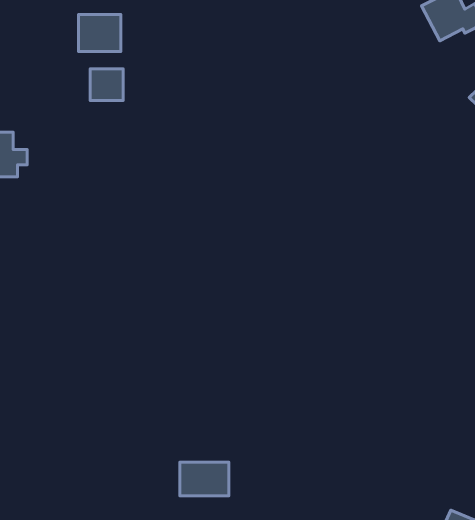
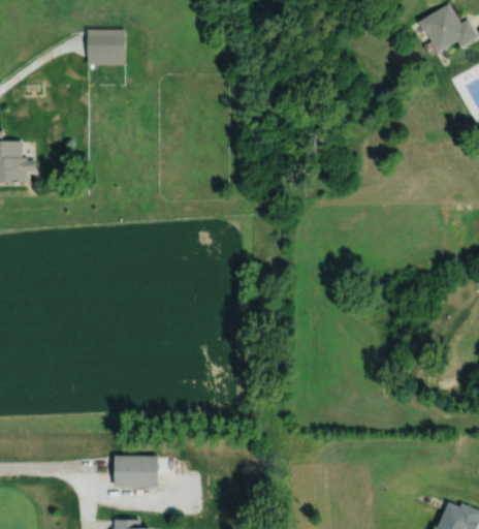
building: [90,69,123,101] -> none
building: [180,462,229,496] -> [116,456,162,488]

